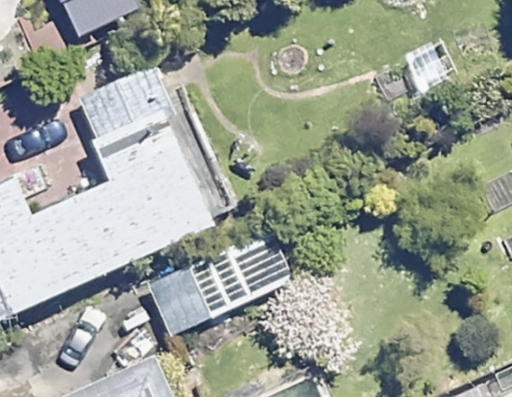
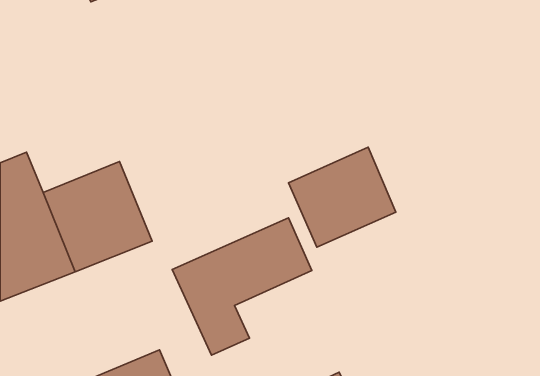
building: [94,105,211,254] -> none
building: none -> [288,147,396,247]

